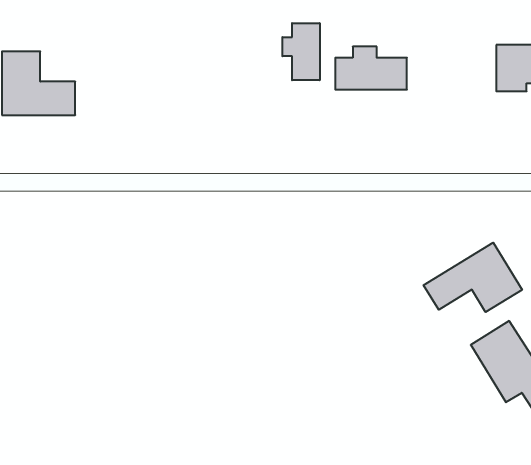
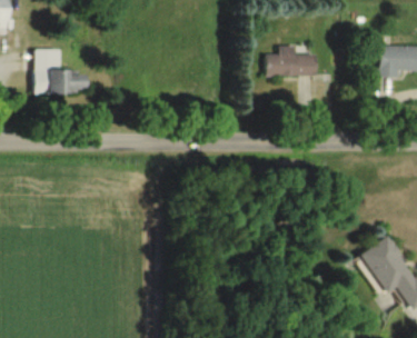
building: [282,23,320,80] -> none
building: [424,243,522,312] -> none

